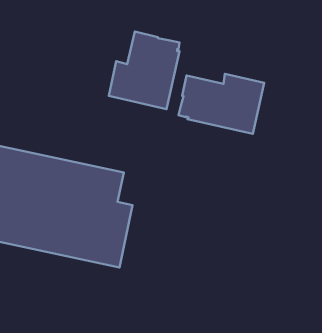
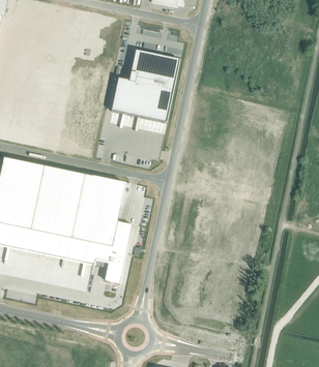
building: [178,74,264,134] -> none

